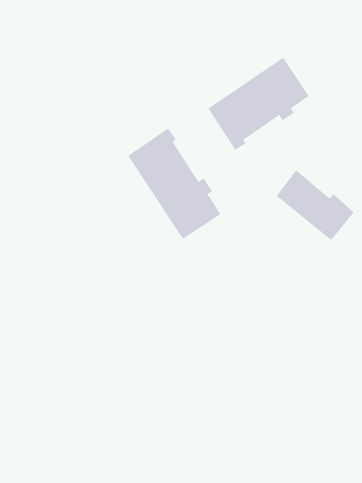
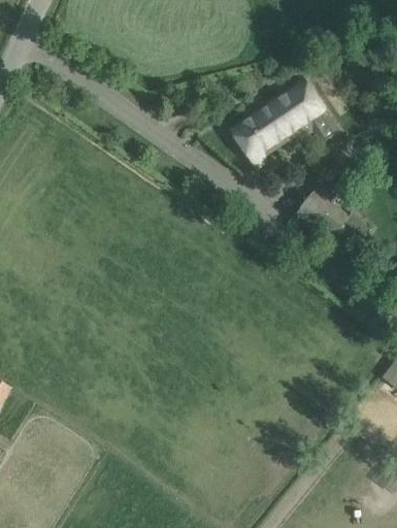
building: [127,128,221,239] -> none

